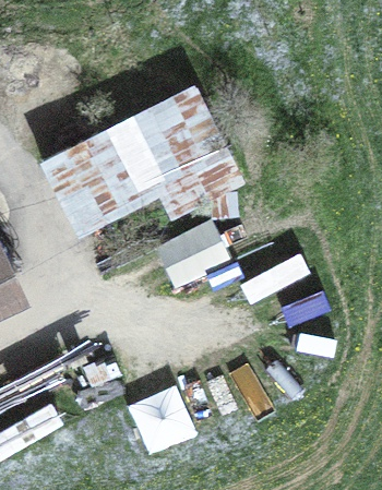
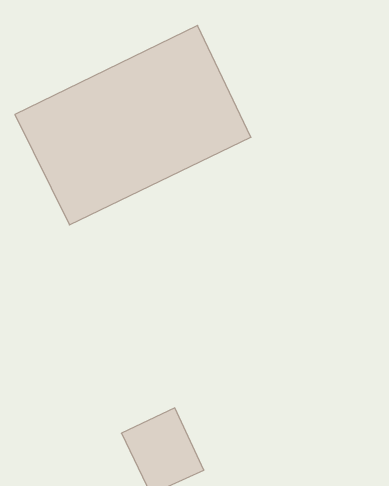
building: [156,220,237,294] -> none

